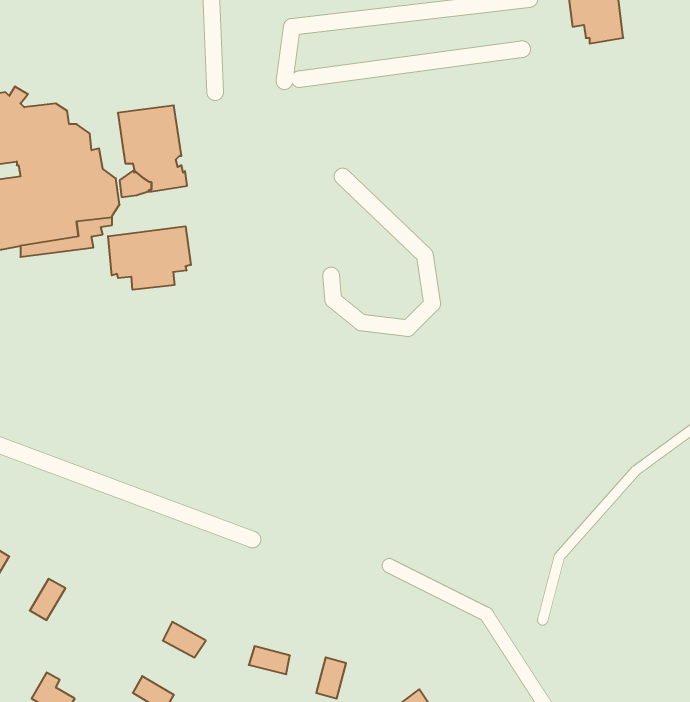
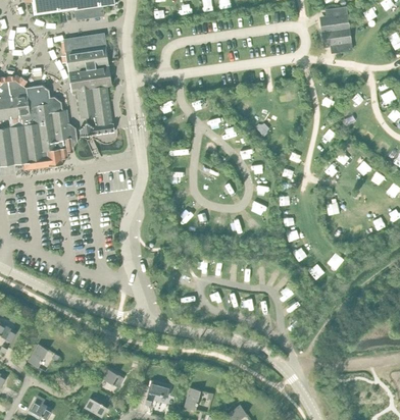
building: none -> [63,34,111,91]
building: [108,226,191,290] -> none

